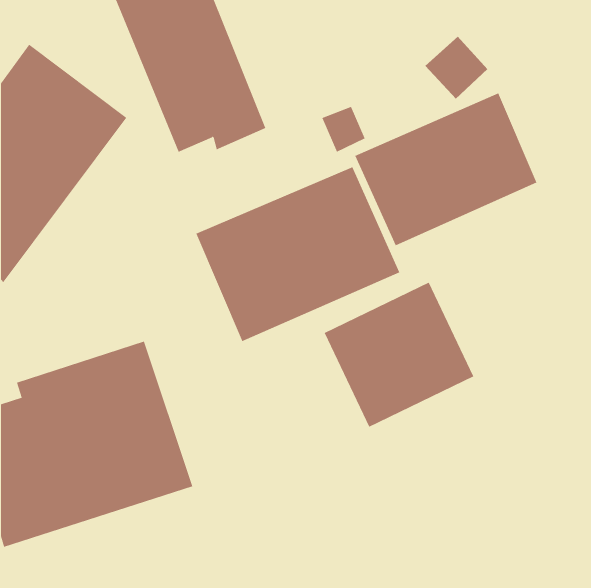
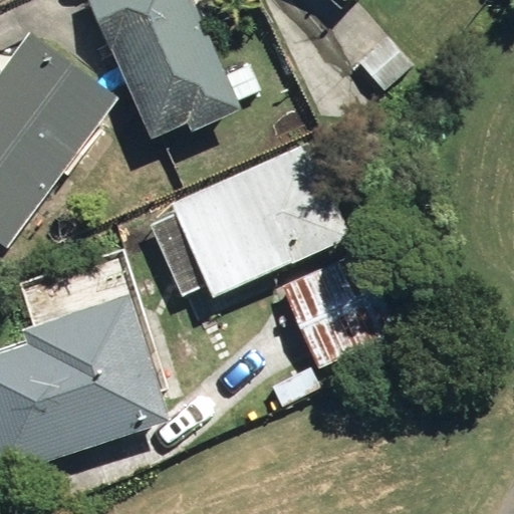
building: [354,93,537,246] -> none

